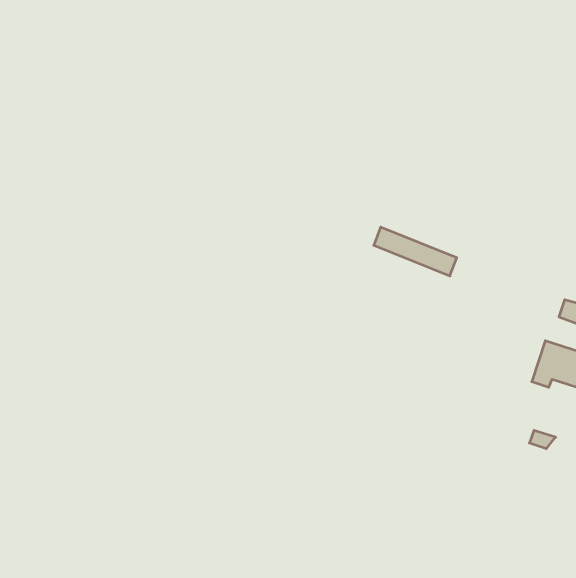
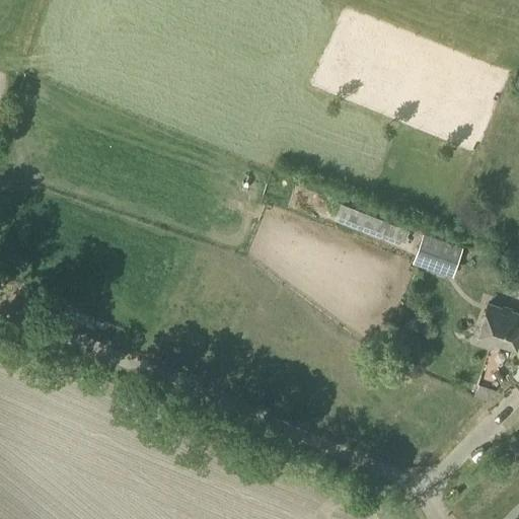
building: none -> [414,233,465,278]

